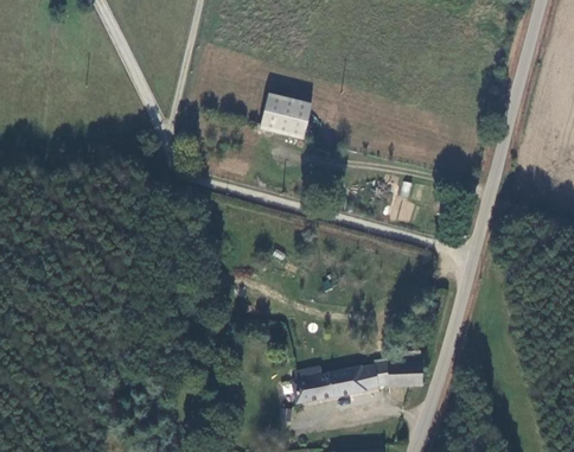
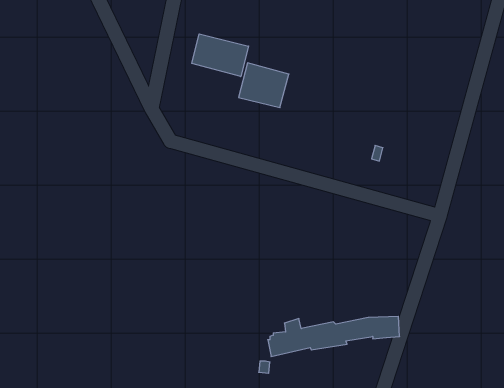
building: none -> [192,34,249,77]

